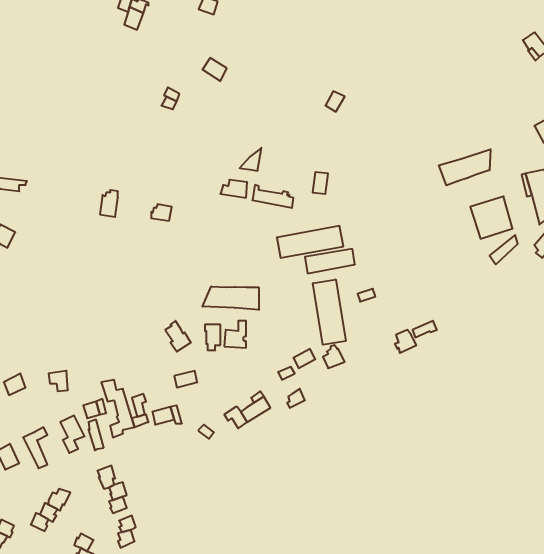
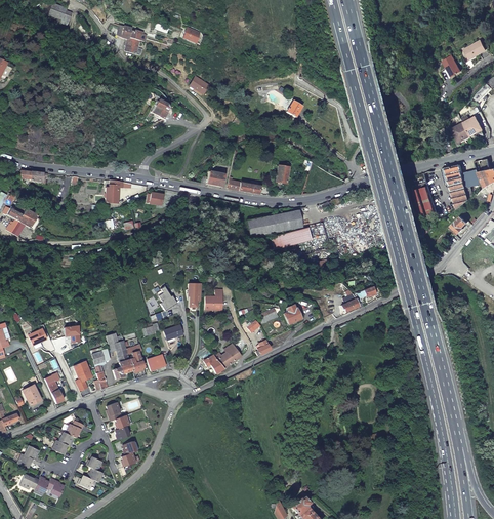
building: [439,149,491,185] -> none
building: [313,279,346,345] -> none
building: [203,286,259,310] -> none

